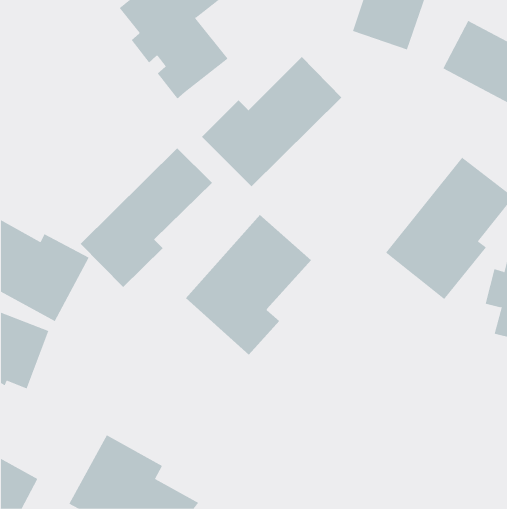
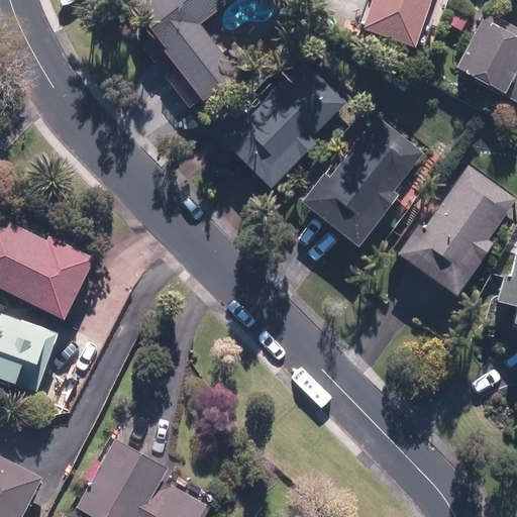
building: none -> [301,116,428,249]
building: [80,147,213,288] -> none
building: [185,214,312,355] -> none

